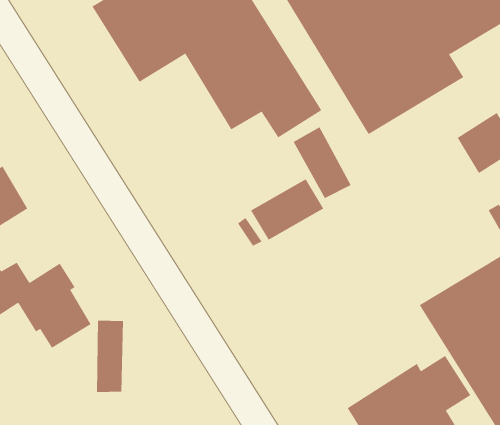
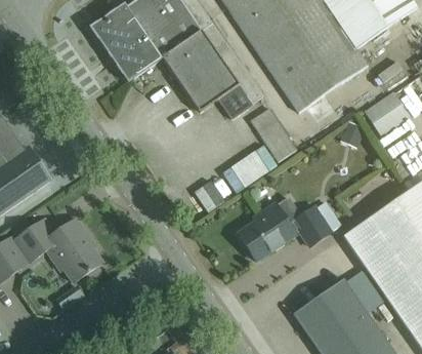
building: none -> [239,196,332,260]
building: [97,320,123,393] -> none

